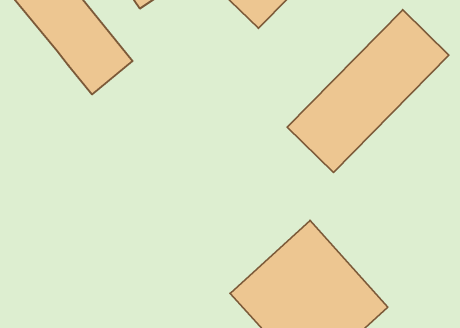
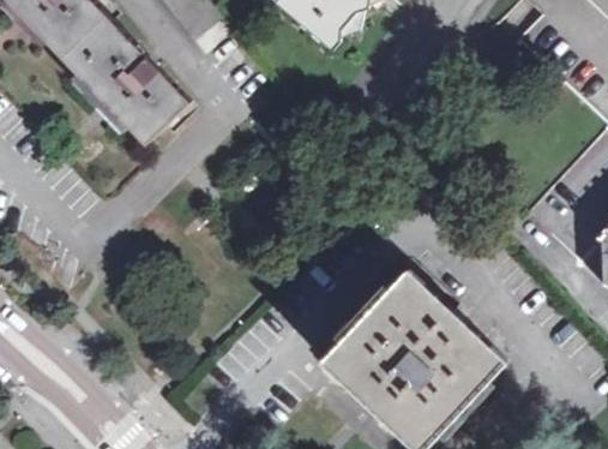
building: [287,10,449,172] -> none

